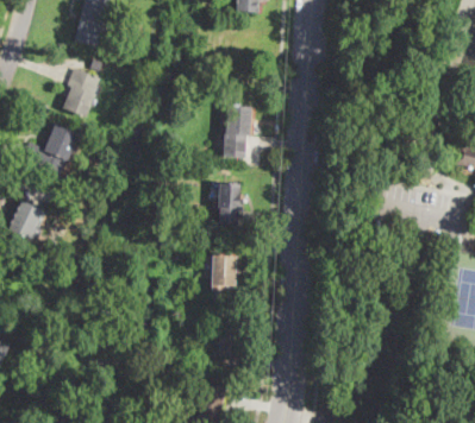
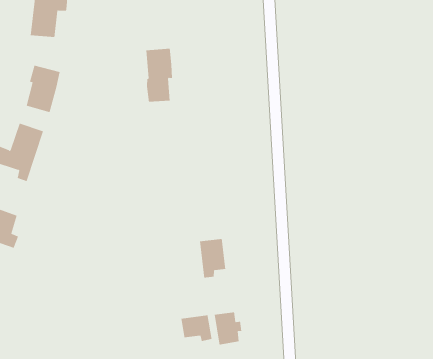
building: [223,108,250,159] -> [146,48,173,102]
building: [217,184,242,226] -> none
building: none -> [181,314,212,342]

